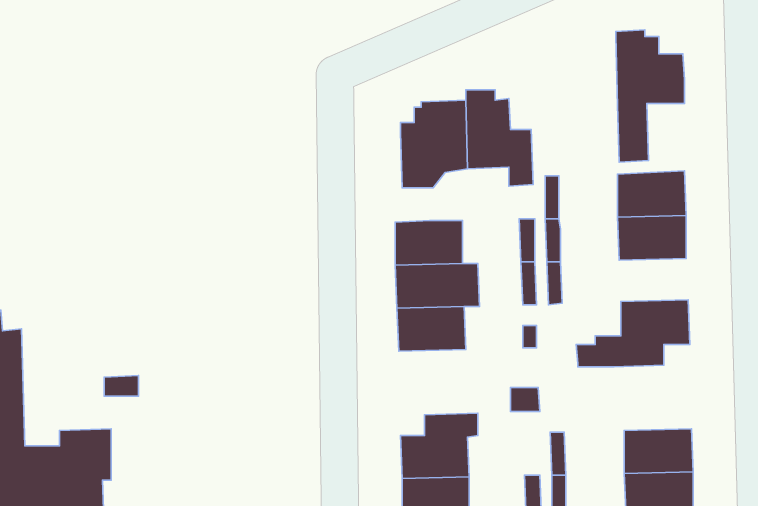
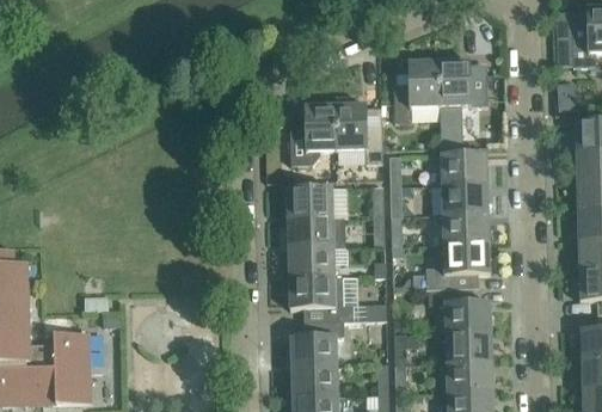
building: none -> [394,59,441,121]
building: none -> [442,213,490,242]
building: none -> [289,276,354,321]
building: none -> [438,287,492,332]

